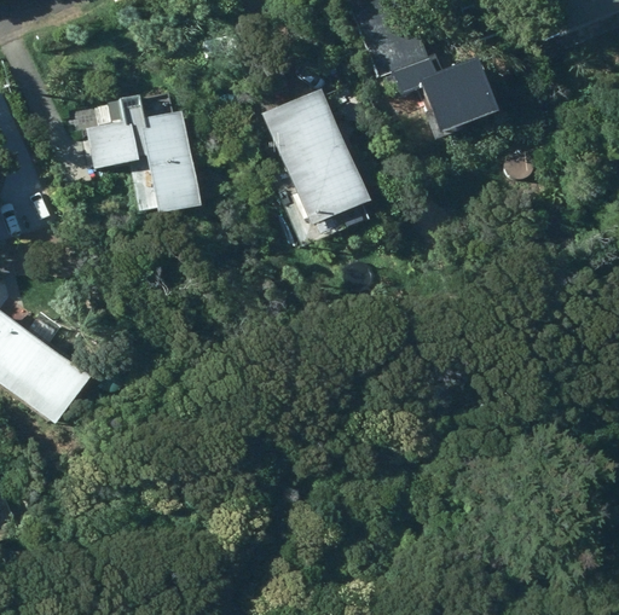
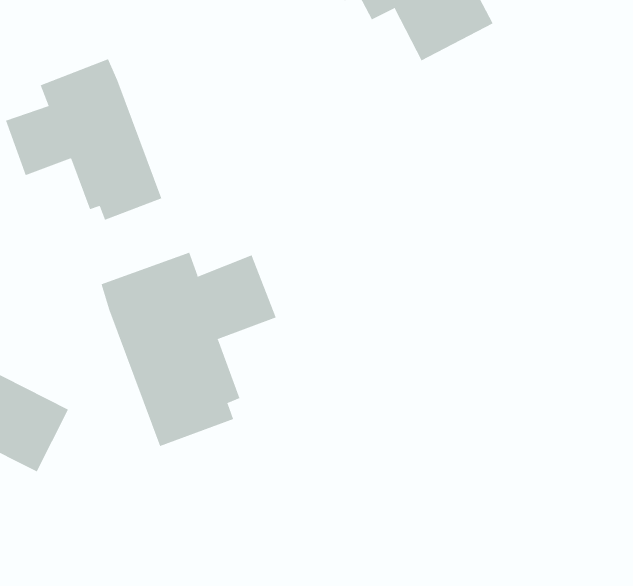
building: [260,88,368,225] -> none
building: none -> [101,252,276,447]

